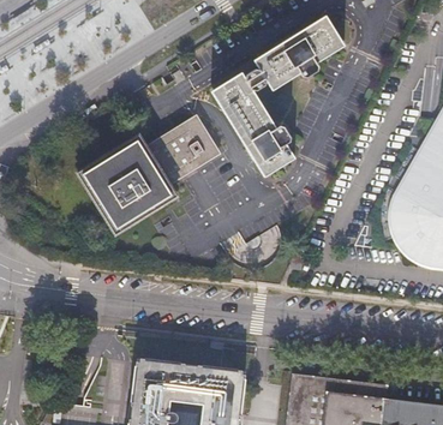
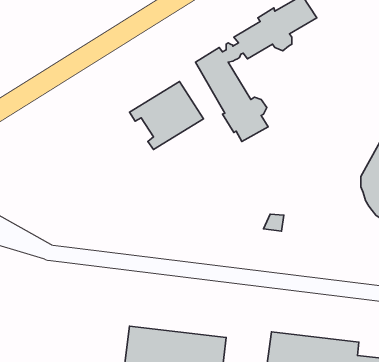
building: [77,133,173,227] -> none

